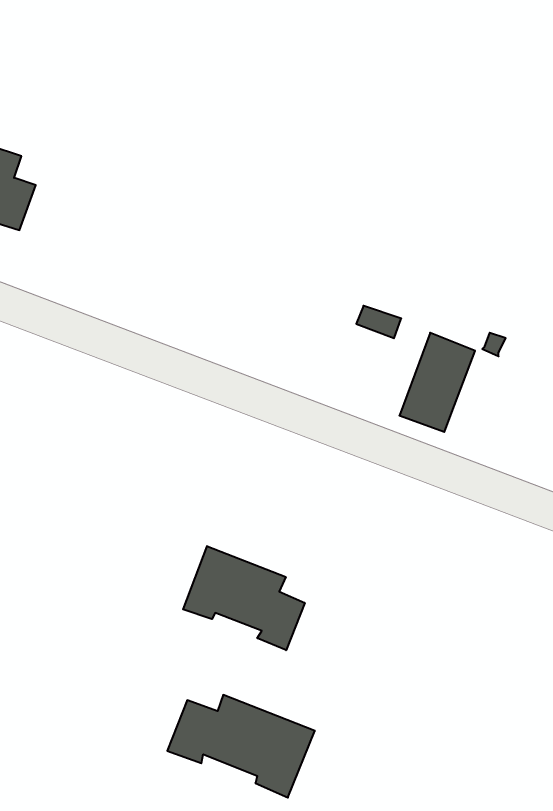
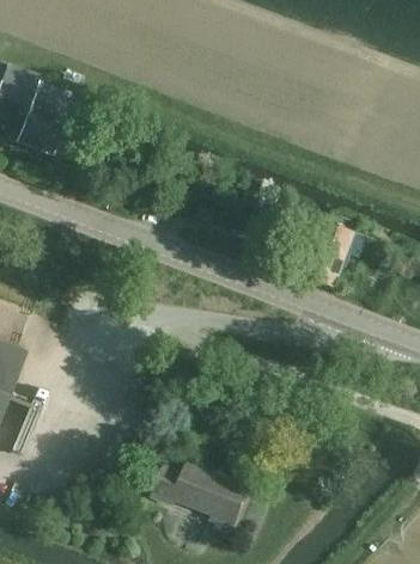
building: [183,546,305,650] -> none

